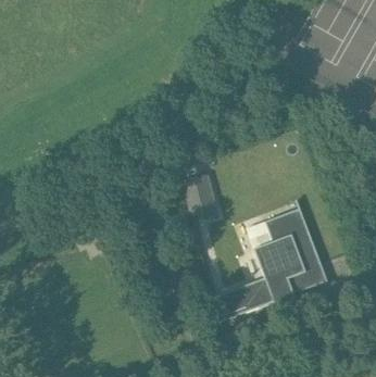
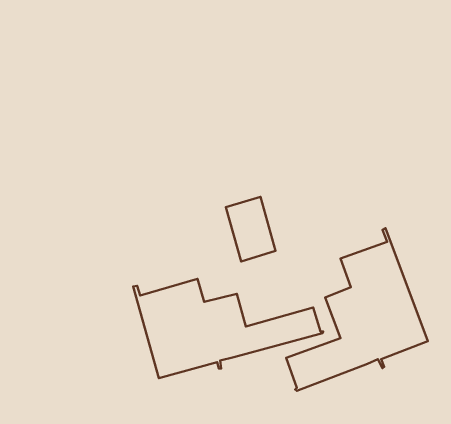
building: none -> [133,279,323,378]

